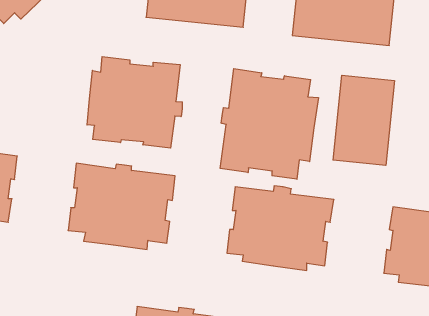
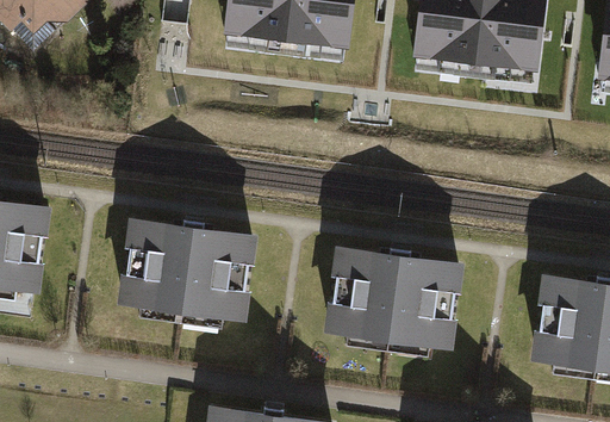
building: [87,57,182,148] -> none
building: [220,69,318,179] -> none
building: [333,75,394,165] -> none

